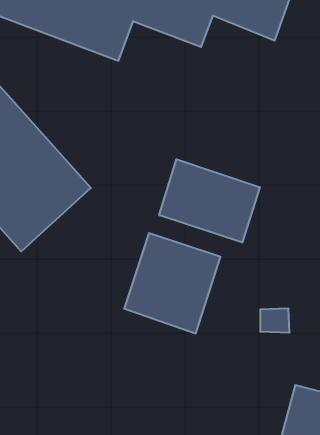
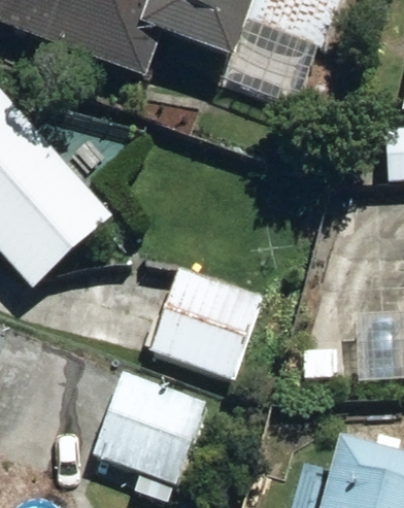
building: [159,159,260,243] -> none
building: none -> [94,373,203,483]

